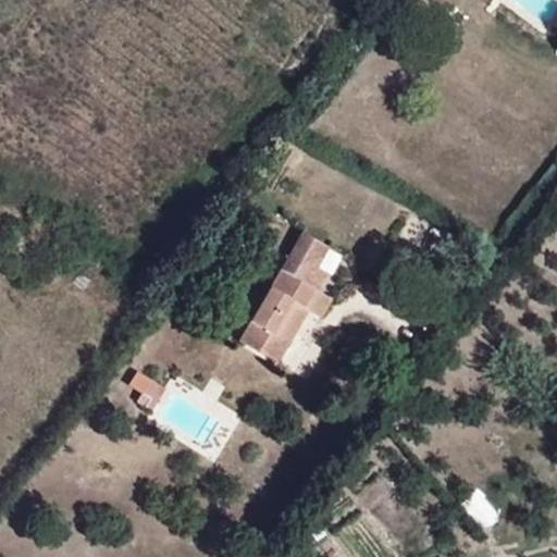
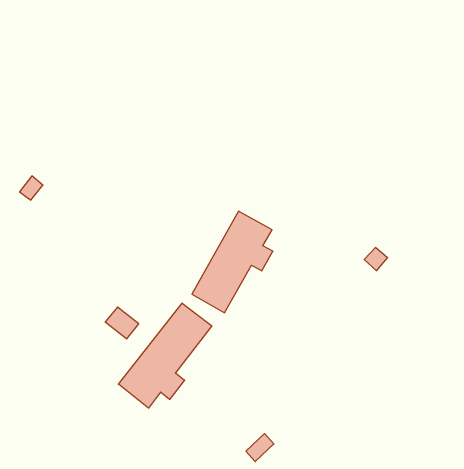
building: none -> [118,303,212,408]

